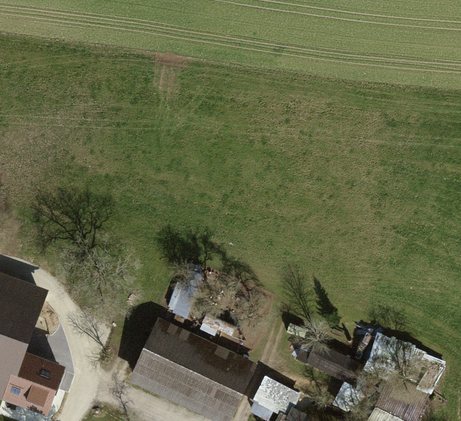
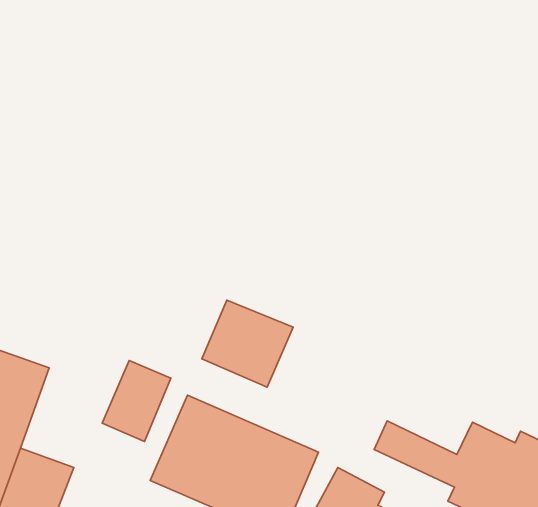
building: none -> [202,300,293,387]
building: none -> [102,360,171,442]

